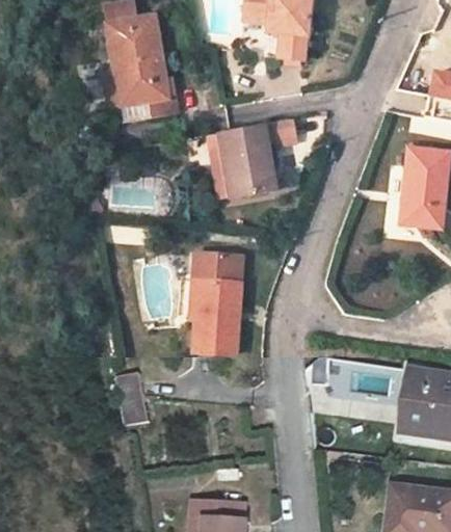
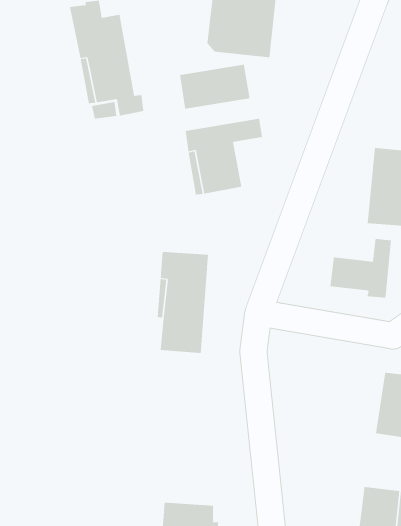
building: none -> [180,64,250,110]
building: none -> [330,238,391,298]
building: [123,380,152,425] -> none

